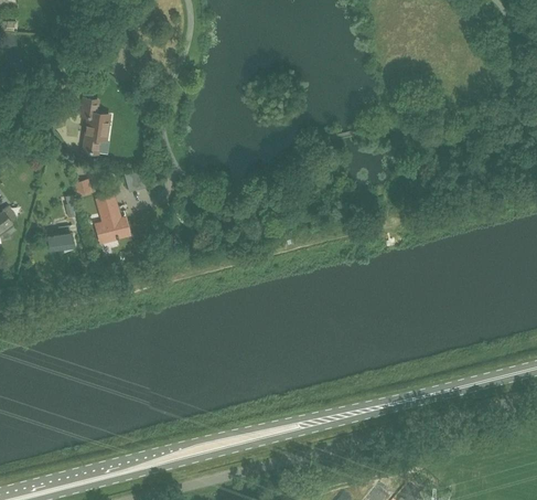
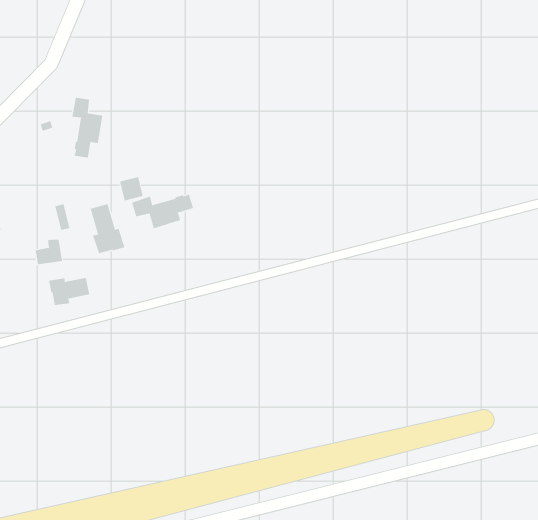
building: none -> [131,194,194,229]
building: none -> [49,277,90,306]

